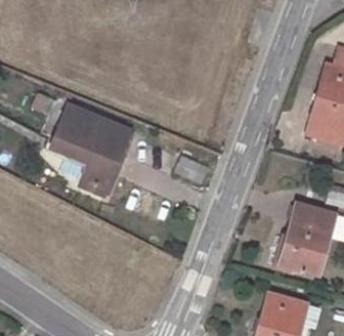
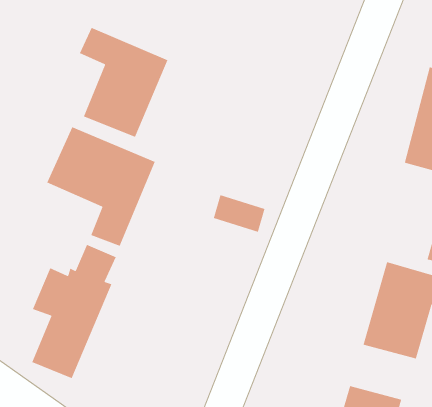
building: none -> [79,27,168,138]
building: none -> [31,244,117,379]

